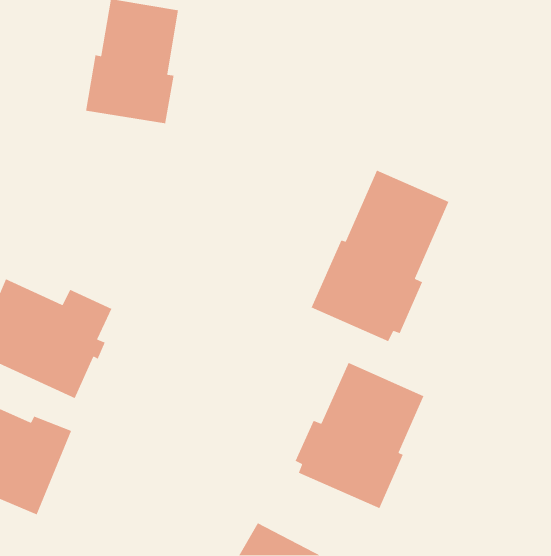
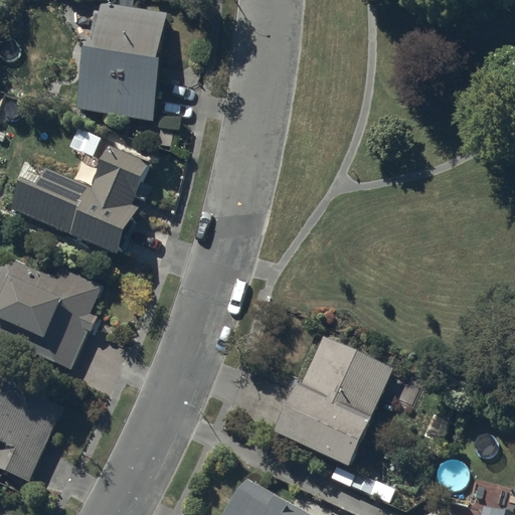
building: none -> [9,149,147,259]
building: [311,170,449,342] -> none

